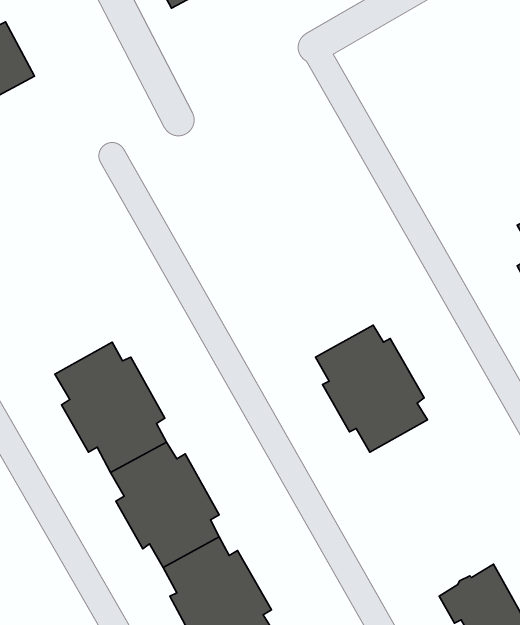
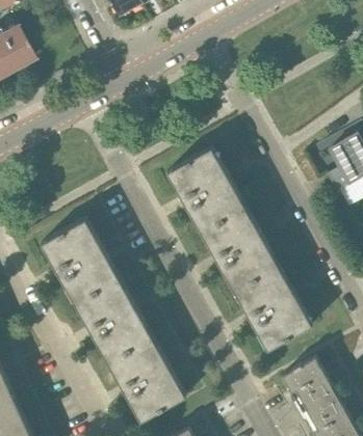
building: none -> [173,149,241,229]
building: none -> [239,268,308,347]

